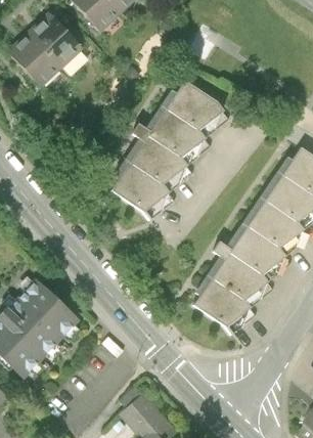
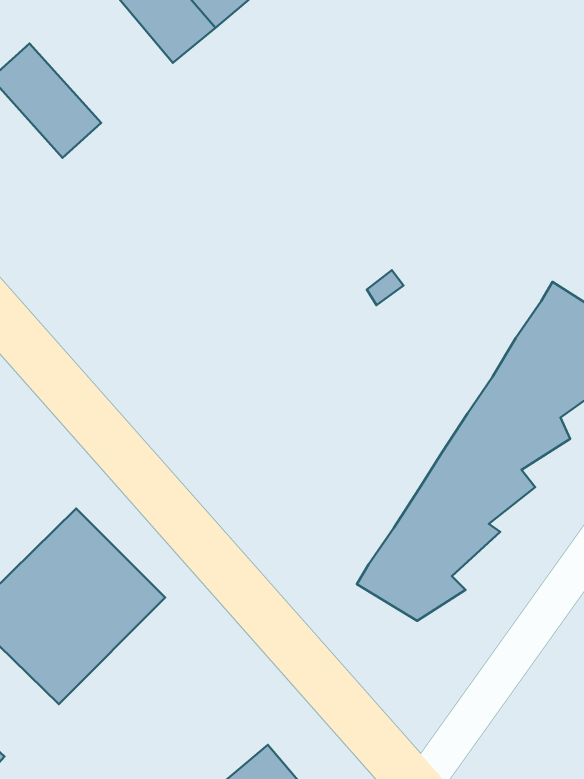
building: [17,5,76,65] -> none
building: [108,82,218,208] -> none

